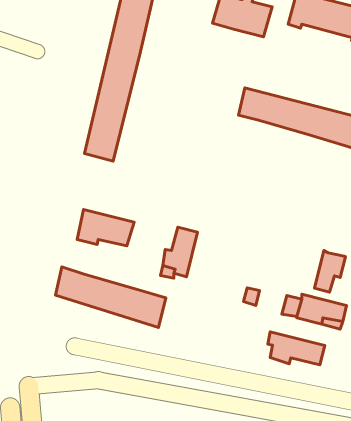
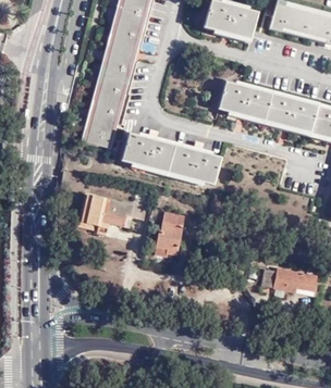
building: [315,251,345,292] -> none
building: [55,267,166,328] -> [123,133,220,186]
building: [268,332,325,365] -> none

